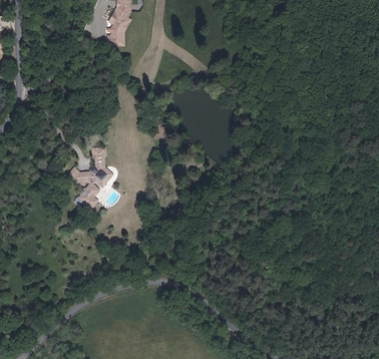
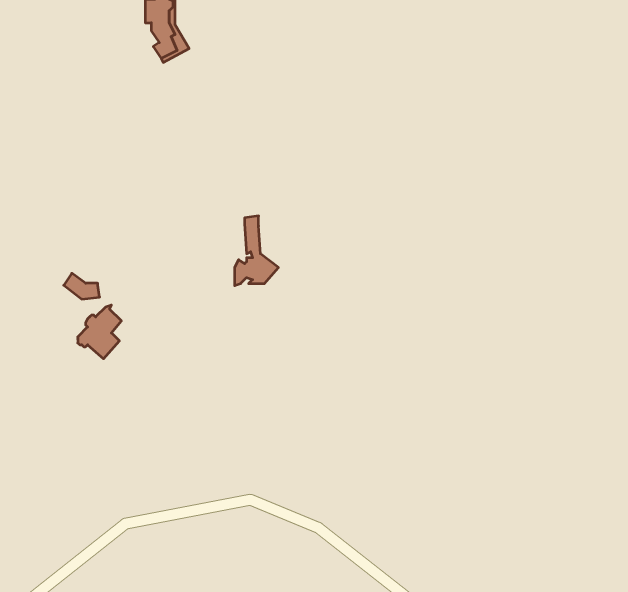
building: [90,147,112,183] -> [235,216,278,286]

